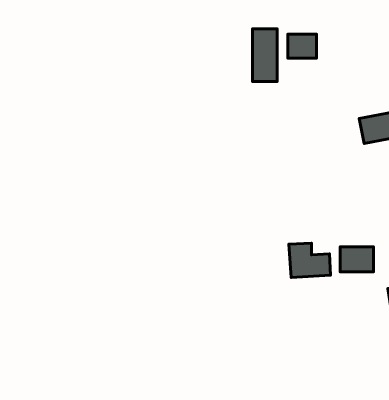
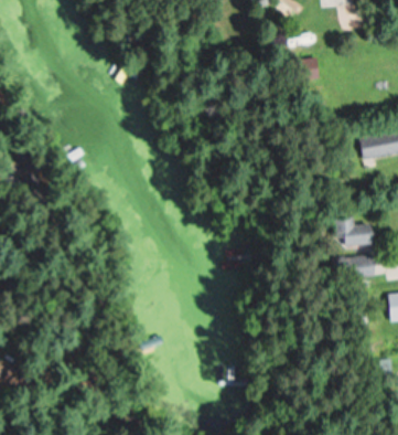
building: [252,29,277,82] -> none
building: [289,243,331,277] -> [334,214,373,246]

